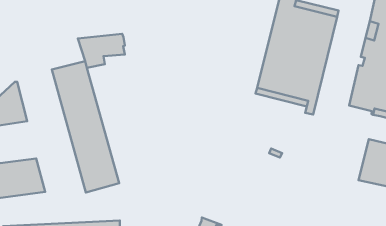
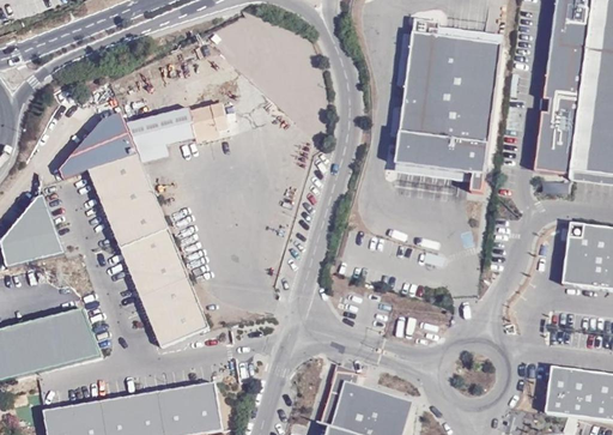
building: none -> [59,114,138,179]
building: none -> [190,103,229,140]

